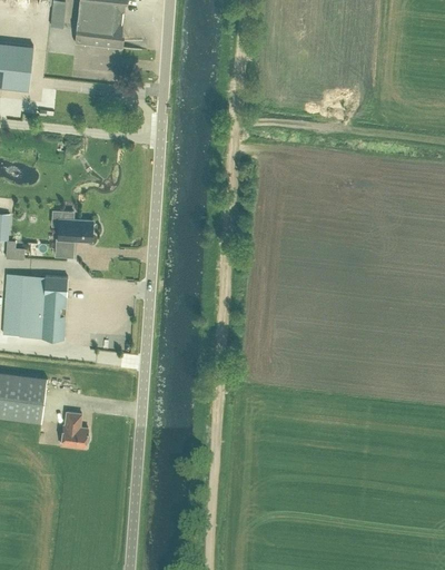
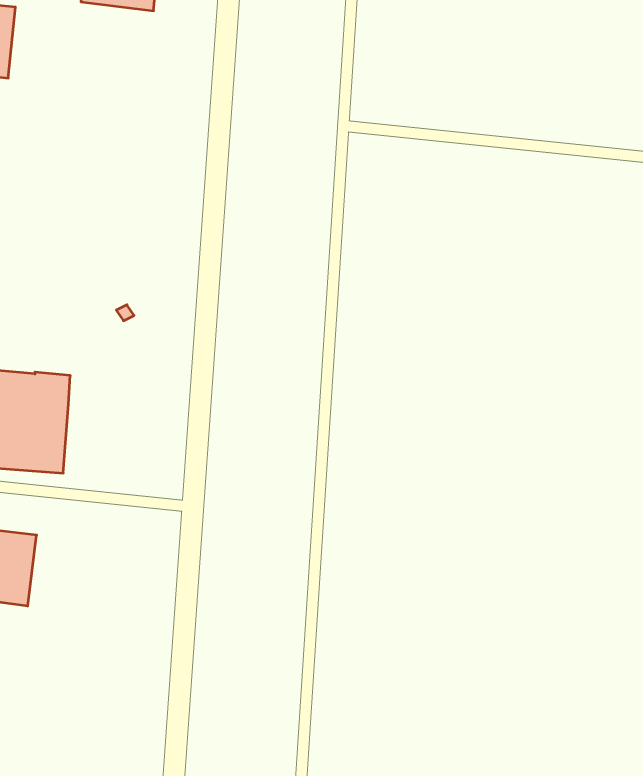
building: [57,212,91,242] -> none
building: [60,413,88,449] -> none

